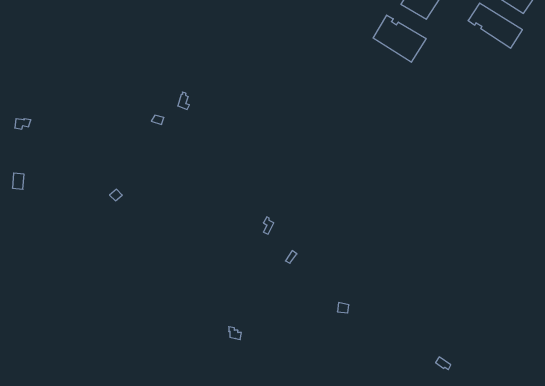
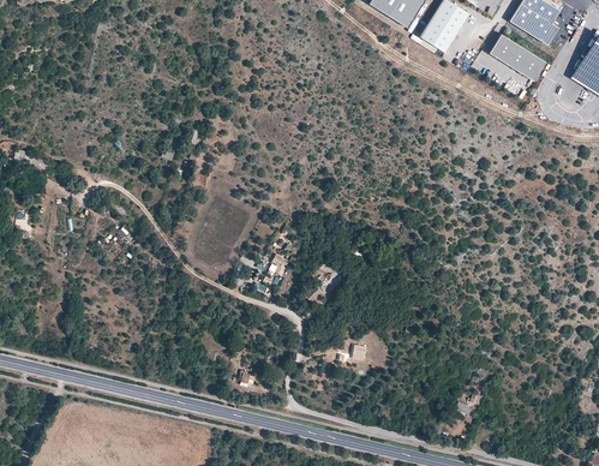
building: [373,15,426,62] -> none

